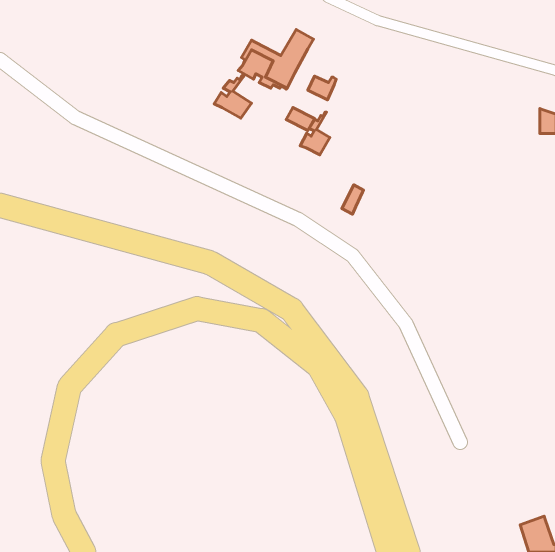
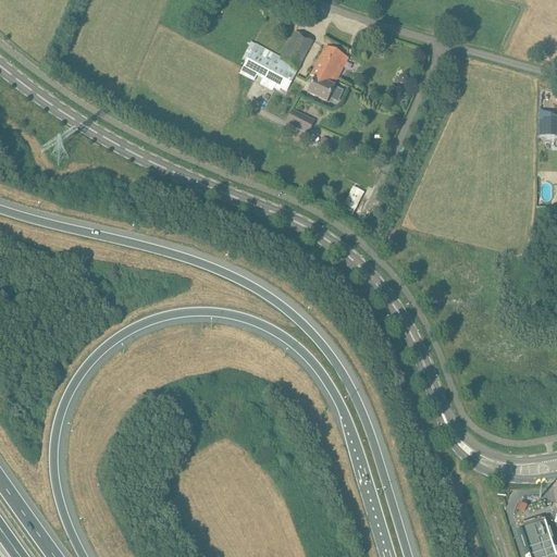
building: none -> [311,45,345,83]
building: [214,76,251,118] -> none
building: [300,112,330,155] -> none

